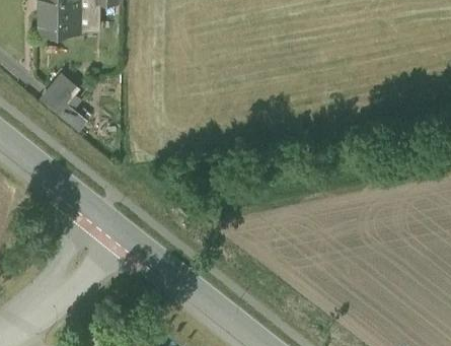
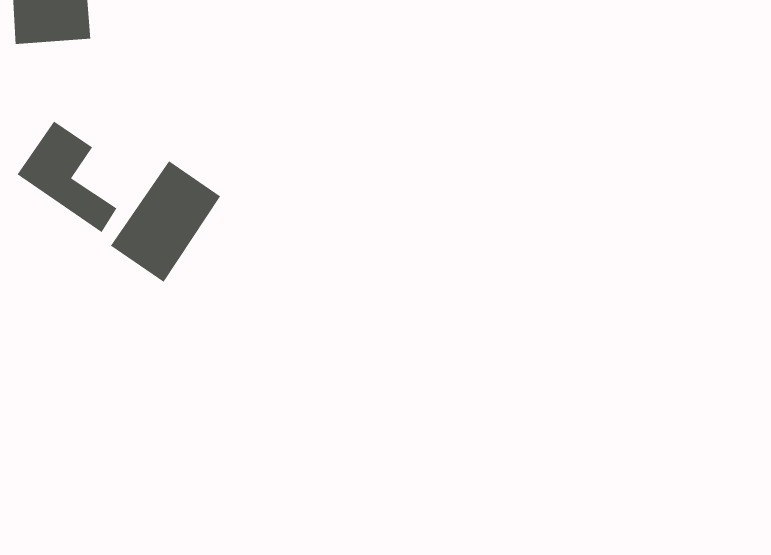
building: none -> [110,160,221,283]

